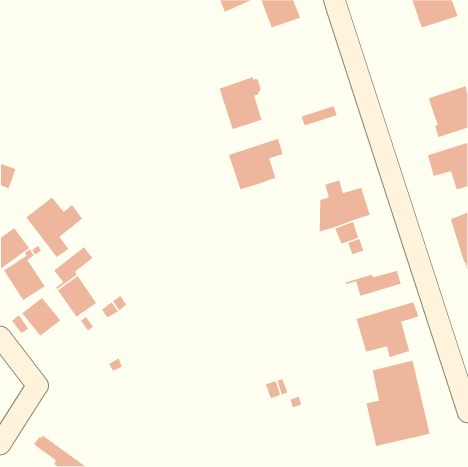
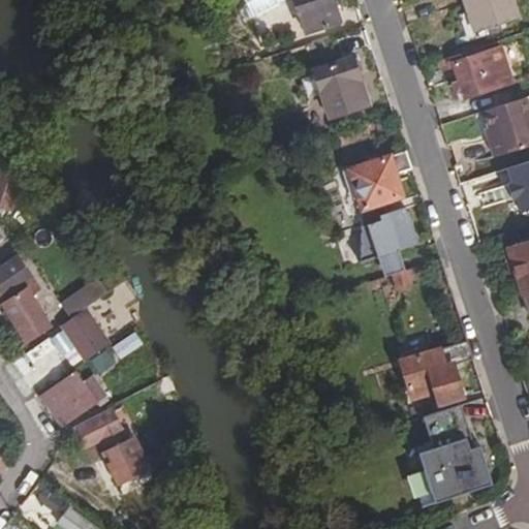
building: none -> [440,46,511,96]
building: [219,76,262,130] -> [313,56,363,117]
building: [228,138,284,190] -> [348,150,411,209]
building: [25,197,83,258] -> none
building: [345,270,402,297] -> none
building: none -> [43,374,104,425]
building: none -> [76,412,148,484]

